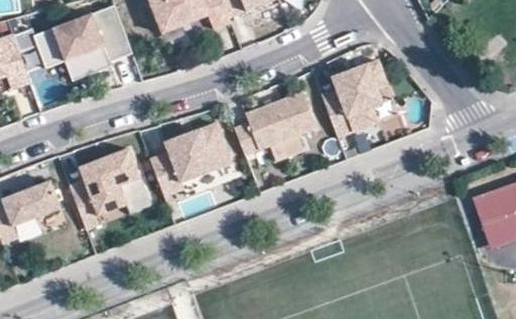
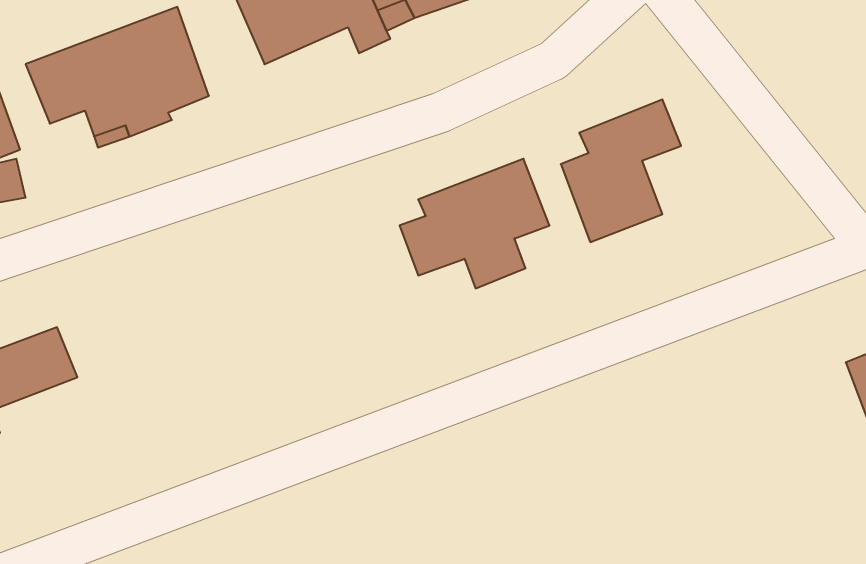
building: [153,119,236,193] -> none
building: [72,146,153,226] -> none

